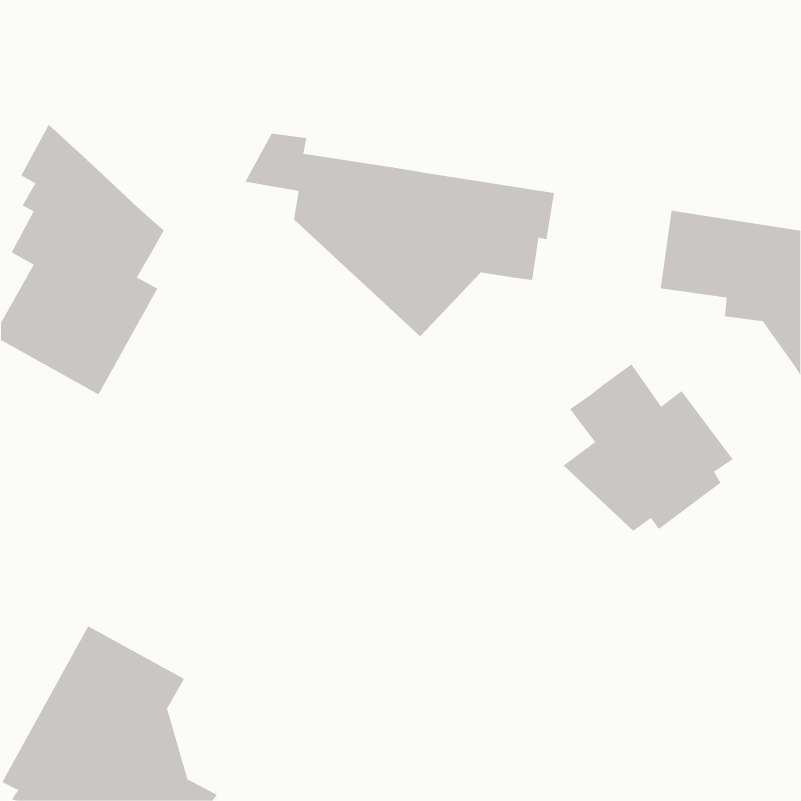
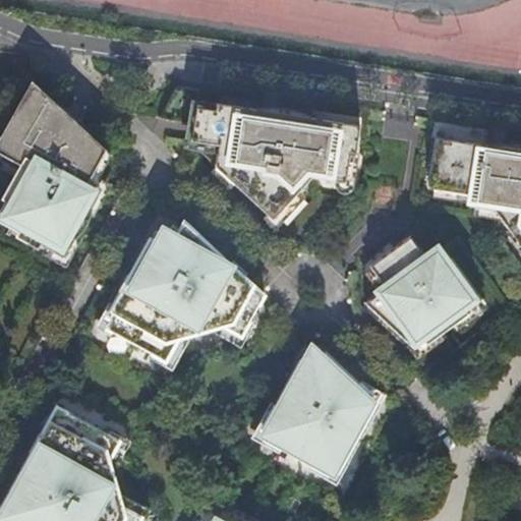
building: none -> [107,221,265,361]
building: none -> [263,348,375,474]

